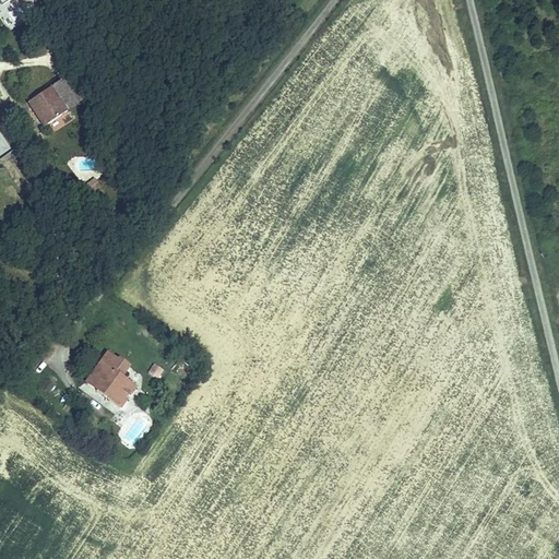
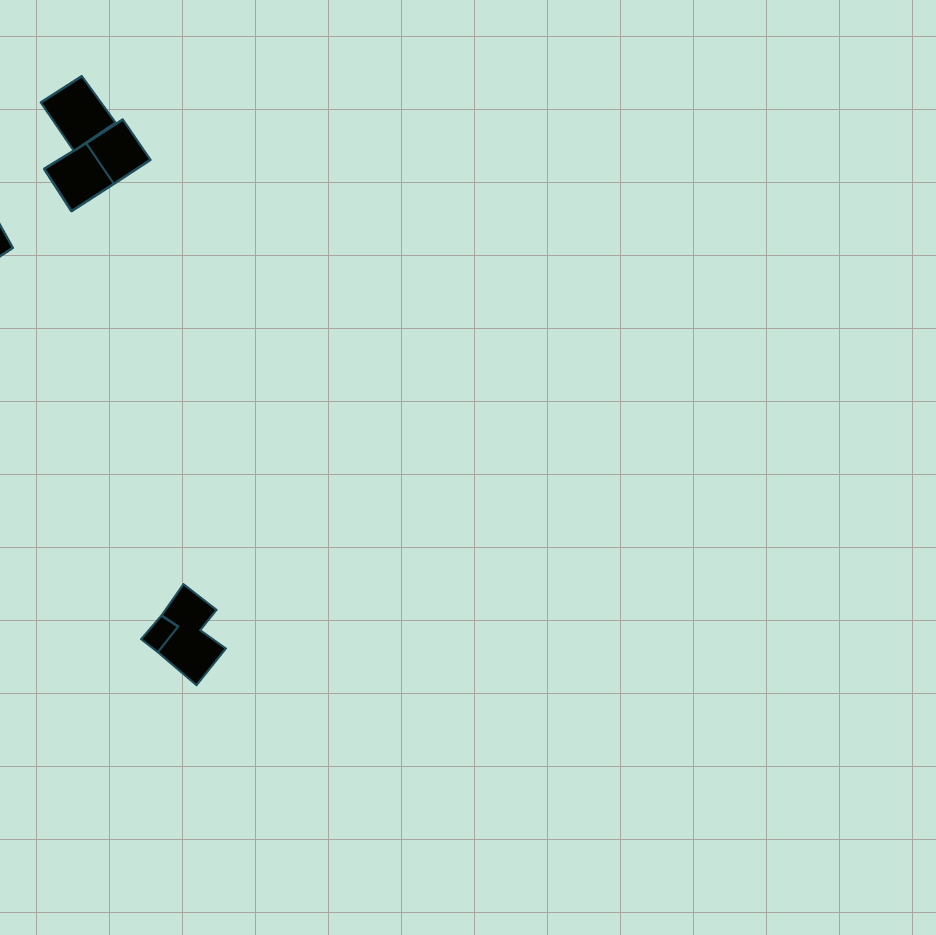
building: none -> [41,76,115,151]

